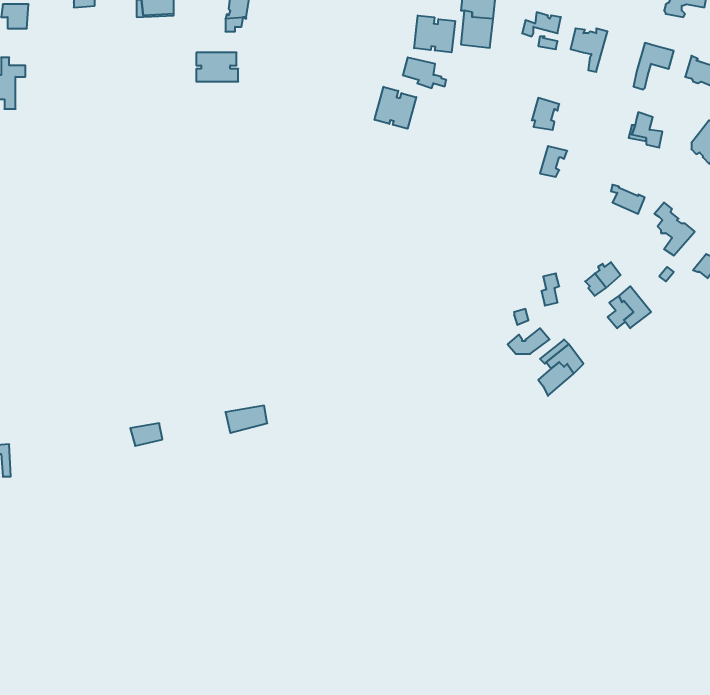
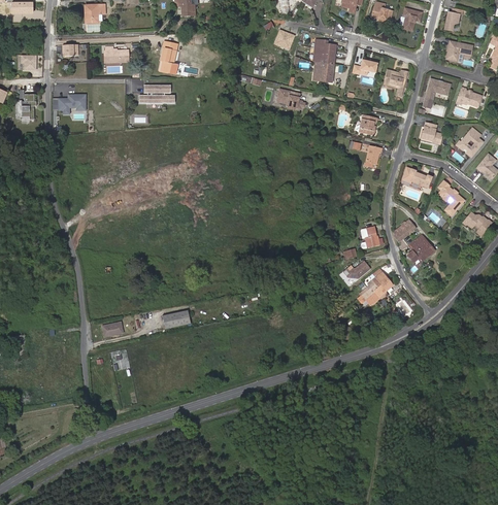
building: [414,15,455,52] -> none
building: none -> [54,93,86,112]
building: [375,87,416,129] -> none

